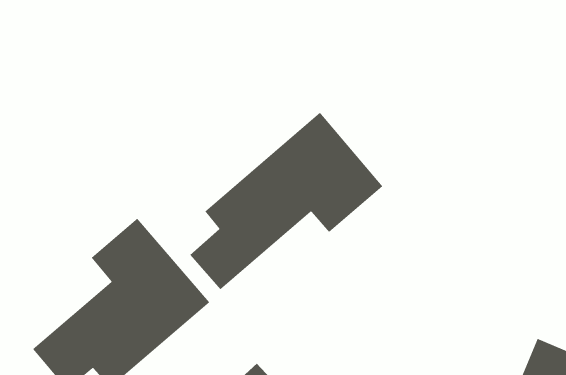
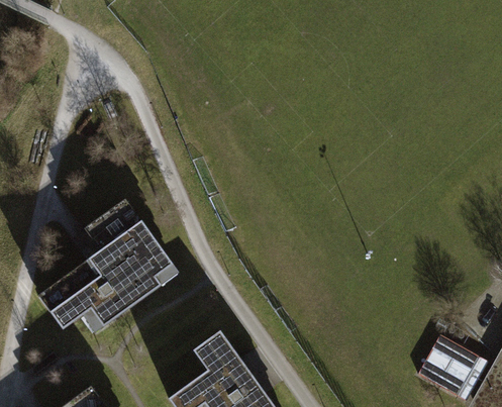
building: [189,112,383,290] -> none

